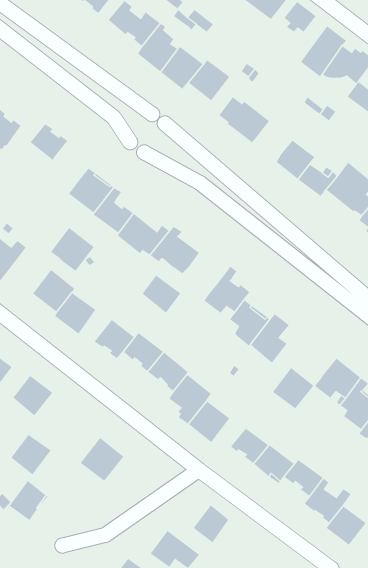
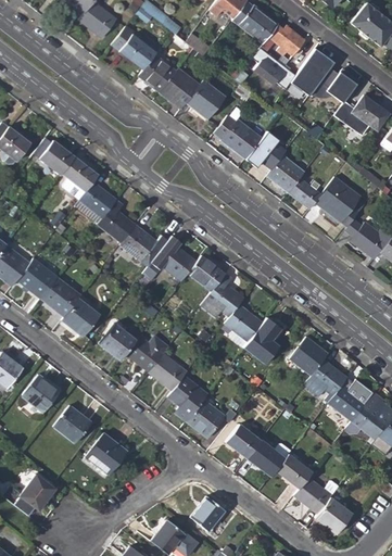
building: none -> [253,47,296,89]
building: none -> [252,135,287,168]
building: none -> [62,156,99,200]
building: [50,227,94,272] -> [17,257,59,299]
building: [142,275,181,313] -> [189,255,226,291]
building: [272,367,314,409] -> [290,336,329,375]
building: [11,434,51,475] -> [54,405,92,443]

